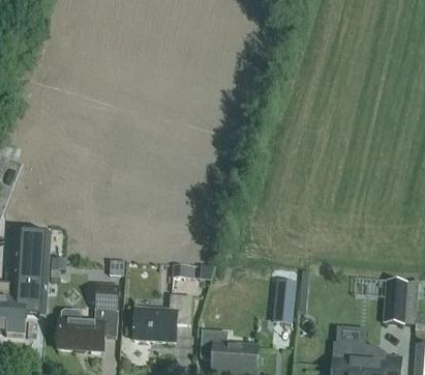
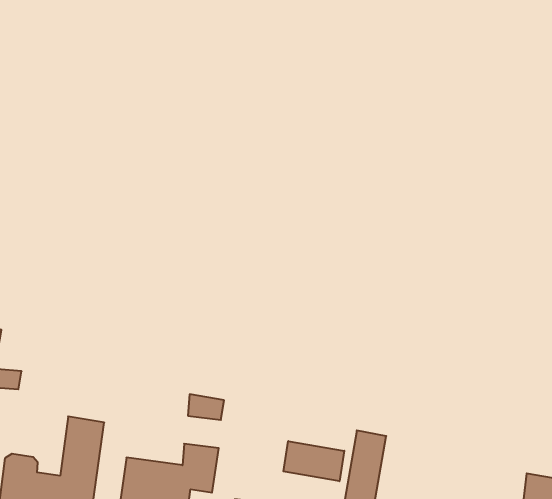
building: none -> [283,441,344,481]

